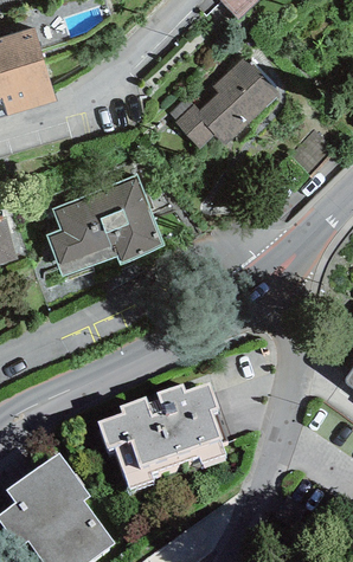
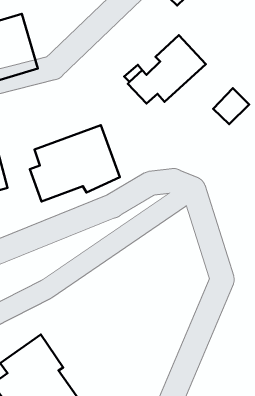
building: [96,381,225,490] -> none

